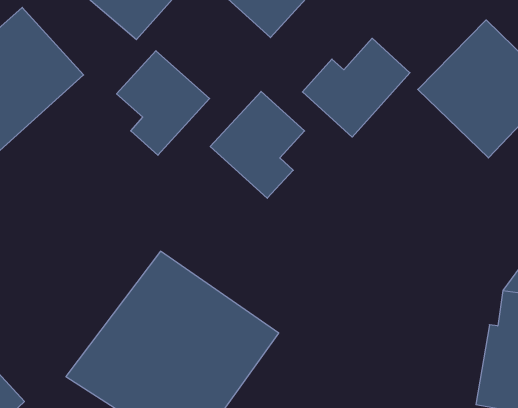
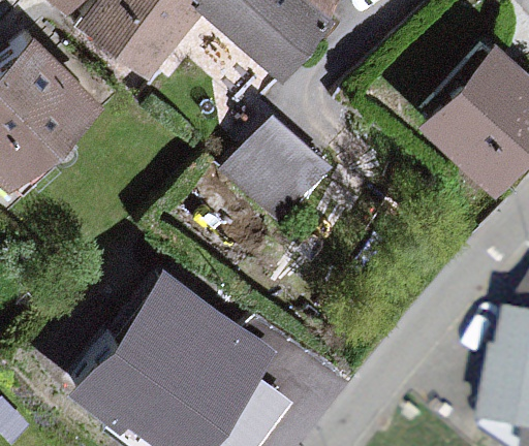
building: [302,38,410,137] -> none
building: [117,51,210,155] -> none

